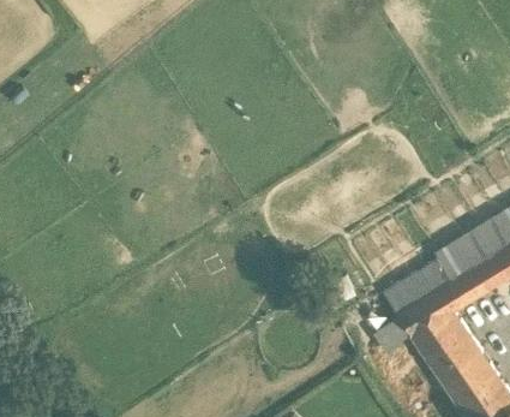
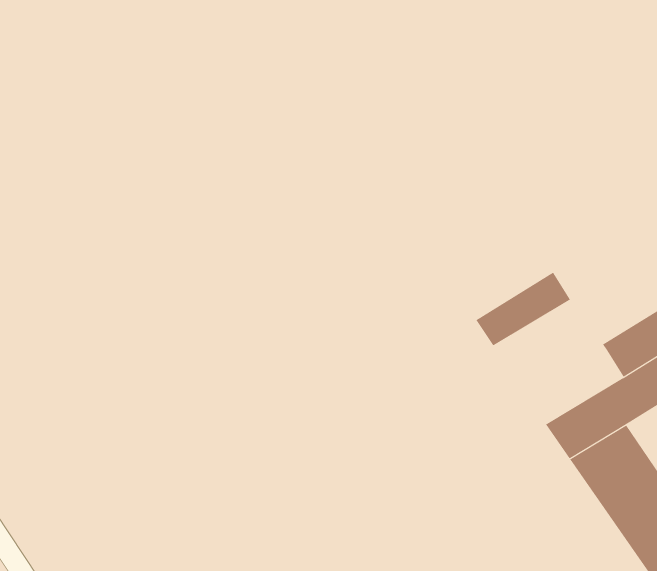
building: [383,262,449,314] -> [476,272,571,346]

